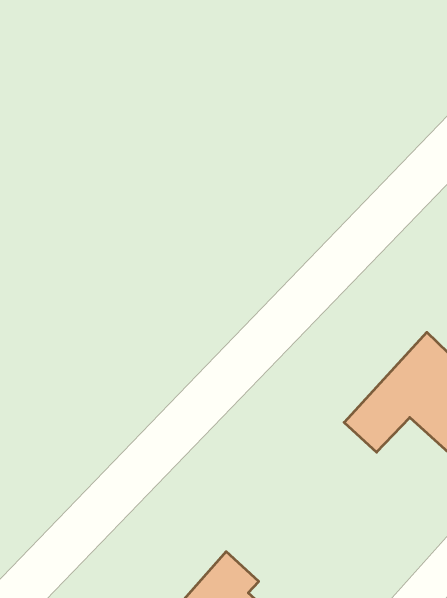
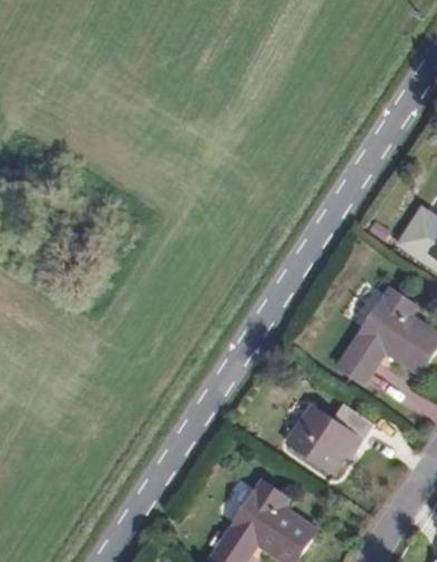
building: none -> [286,402,373,473]

